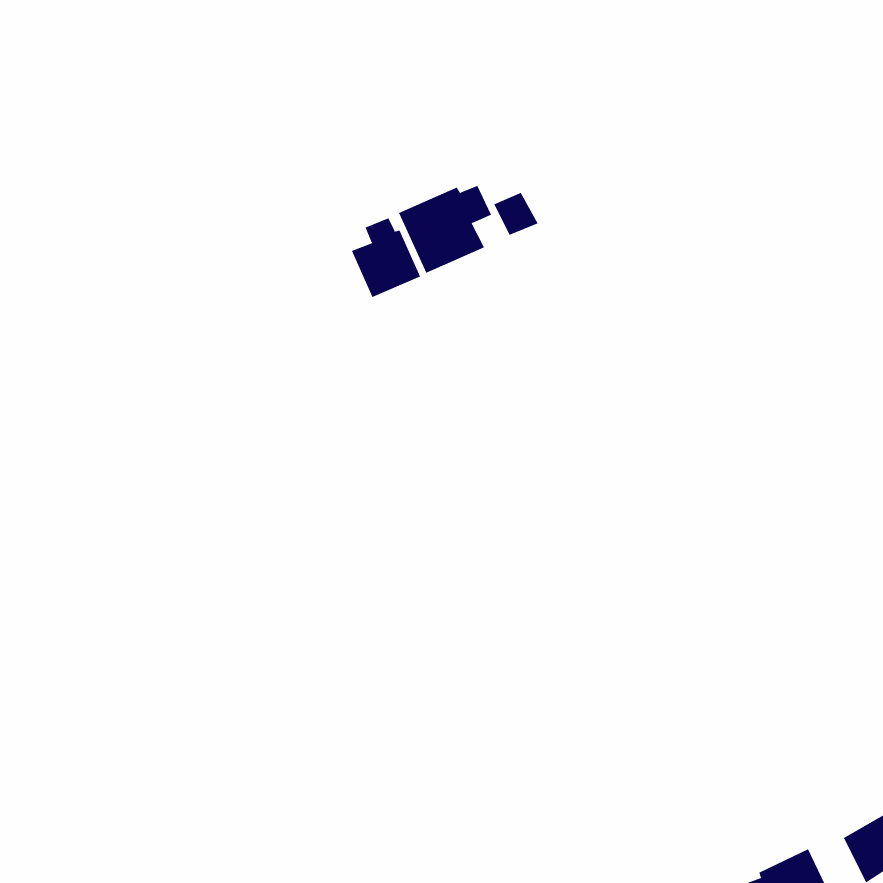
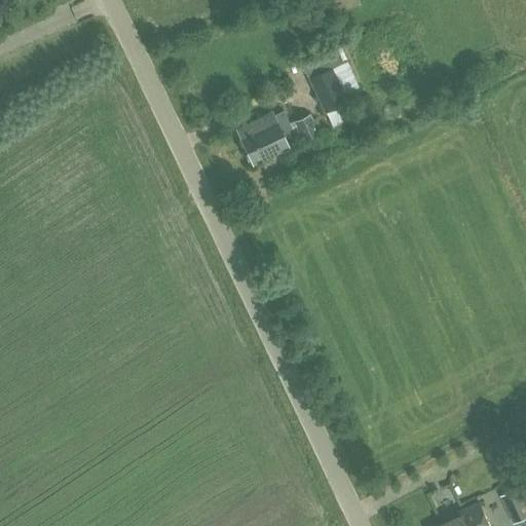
building: none -> [309,68,349,113]
building: [351,217,421,298] -> none

